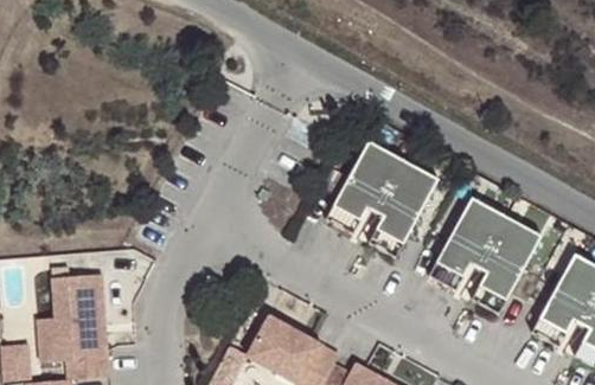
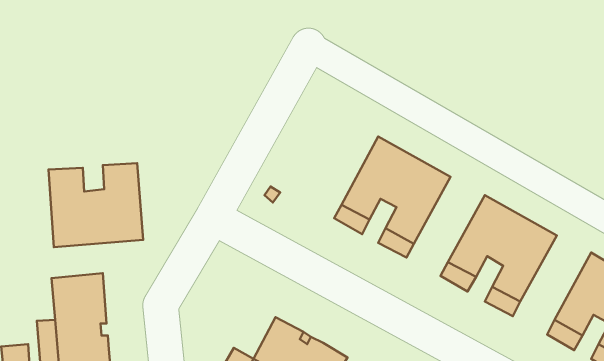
building: none -> [48,163,143,247]

